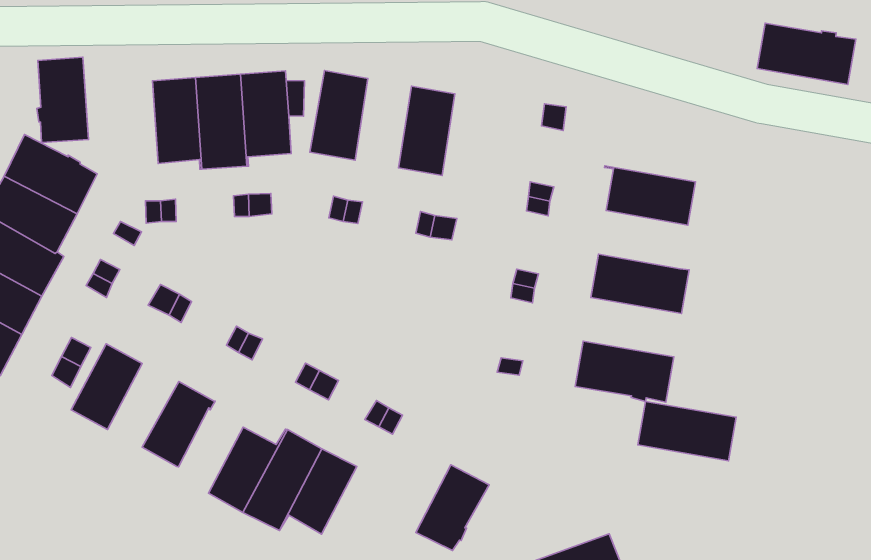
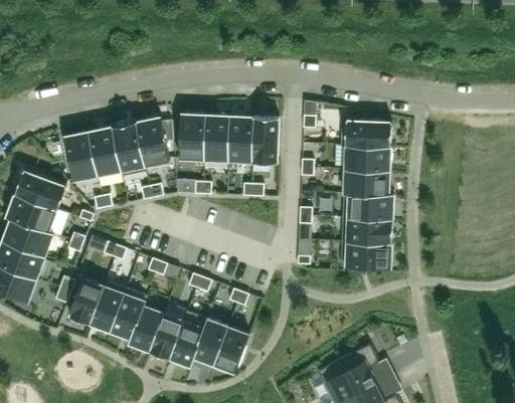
building: [757,23,856,85] -> [340,120,391,147]
building: [37,57,88,143] -> [64,132,98,181]
building: none -> [204,115,229,161]
building: none -> [252,117,279,163]
building: none -> [343,169,389,195]
building: none -> [90,285,125,331]
building: [638,401,736,461] -> [341,217,392,243]
building: none -> [128,305,163,351]
building: [416,465,489,550] -> [213,326,249,372]

